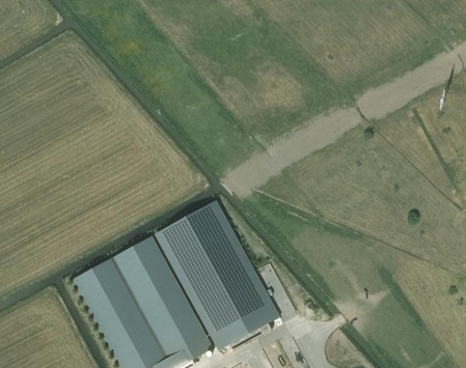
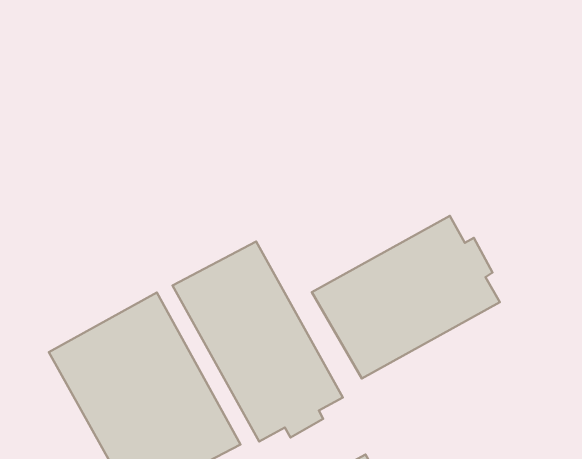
building: none -> [312,216,500,379]

